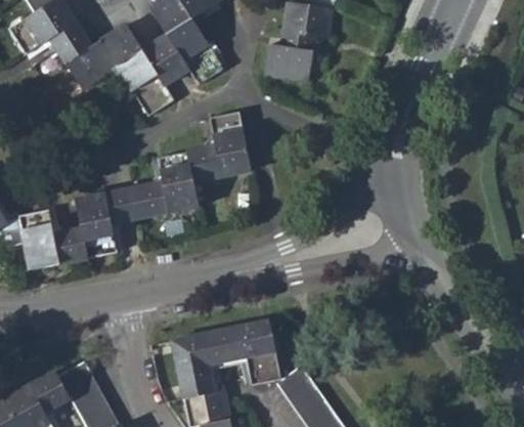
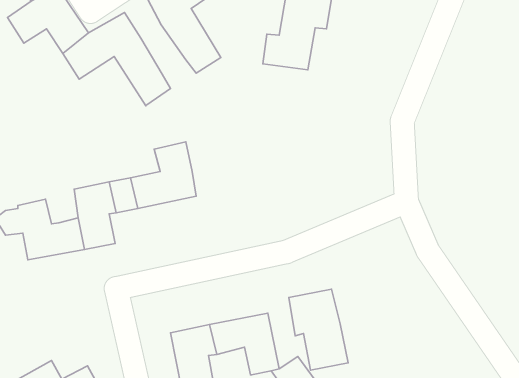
building: [142,35,187,84] -> none
building: [187,113,250,181] -> none
building: none -> [289,289,348,370]

